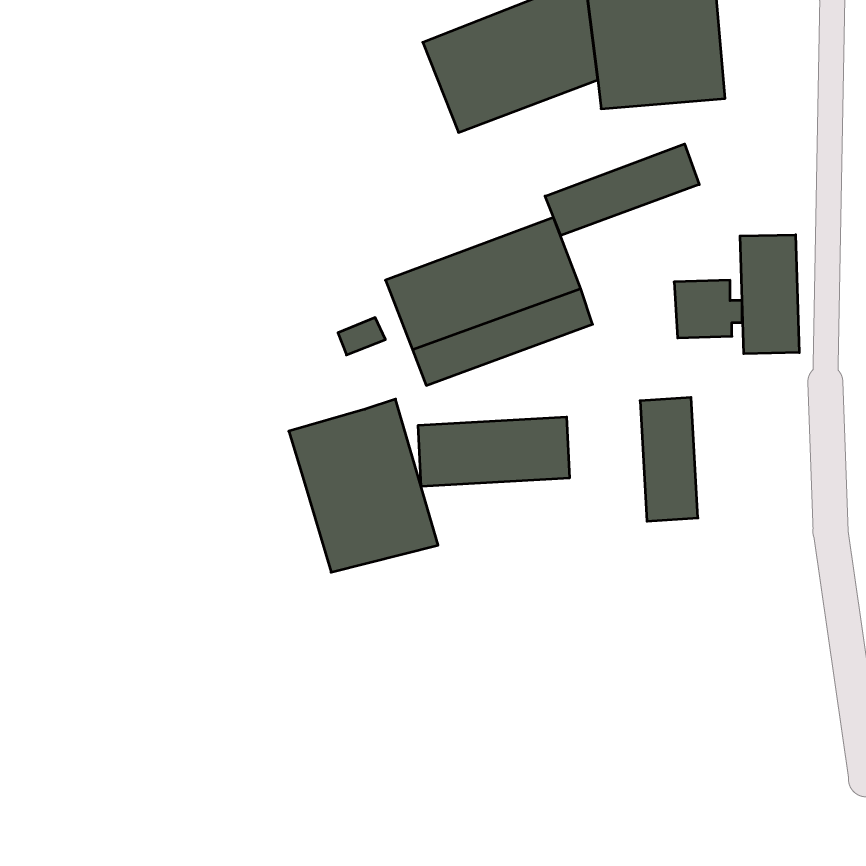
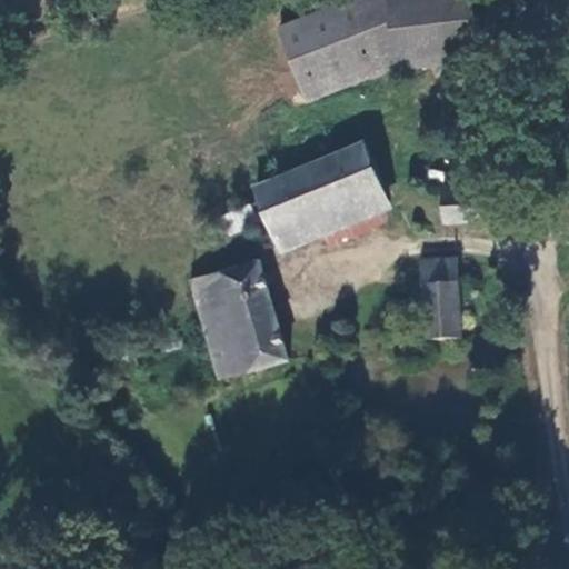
building: [545,144,699,236] -> none
building: [740,235,799,354] -> none
building: [418,417,569,486] -> none

